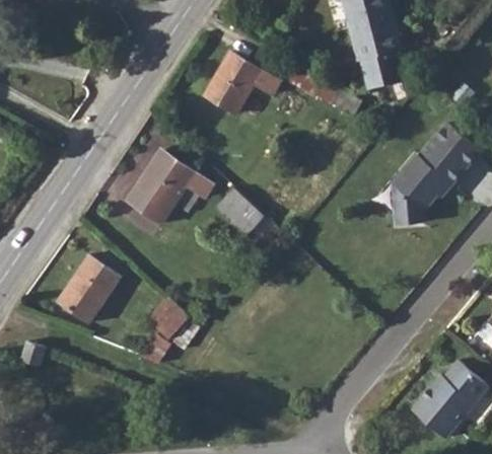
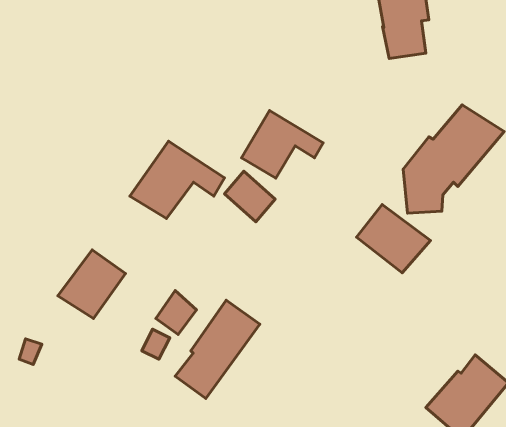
building: [200,51,277,115] -> [241,111,323,178]
building: none -> [356,204,430,273]
building: none -> [175,300,260,398]

